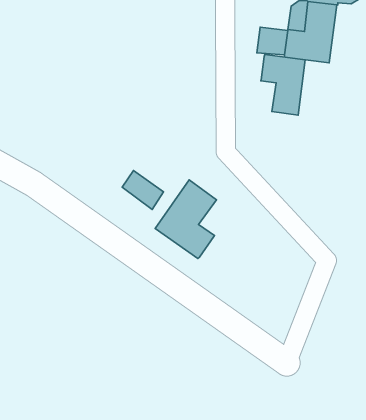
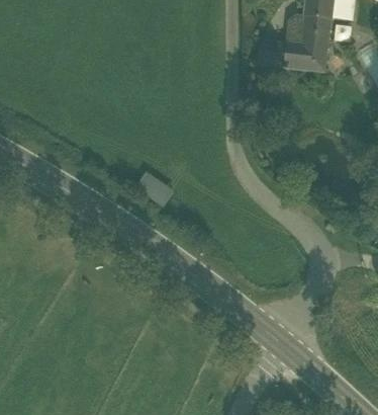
building: [261,54,305,115] -> none
building: [155,180,217,259] -> none

